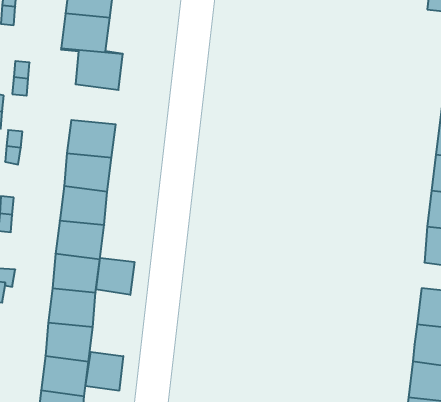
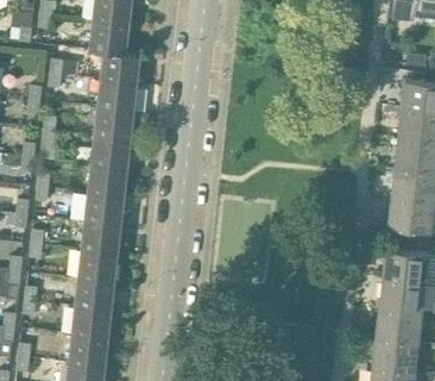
building: none -> [96,80,135,113]
building: [96,258,134,295] -> none
building: [85,352,123,391] -> none

